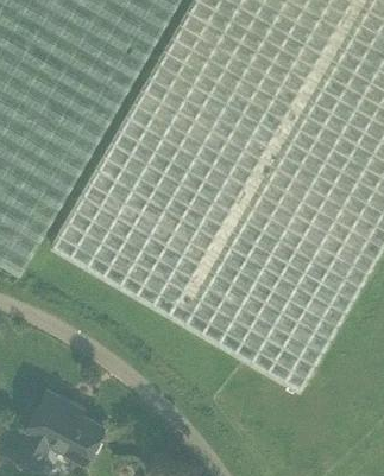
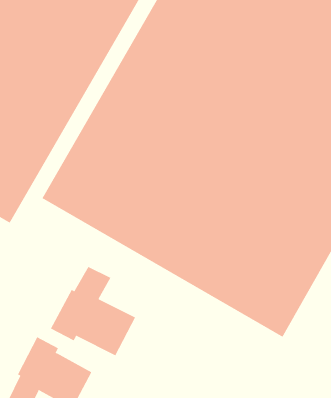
building: none -> [50,266,136,356]

